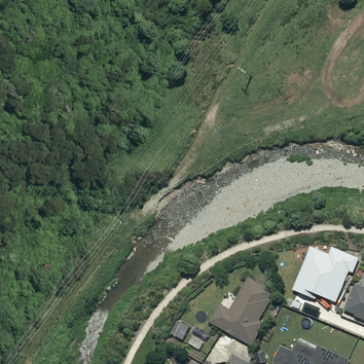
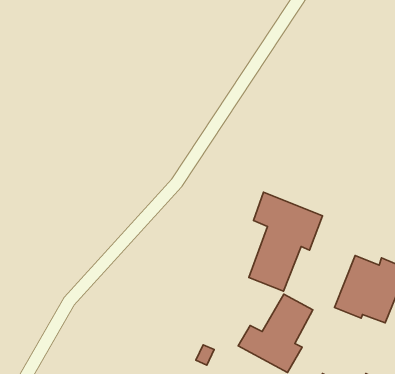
building: none -> [249,192,322,291]

